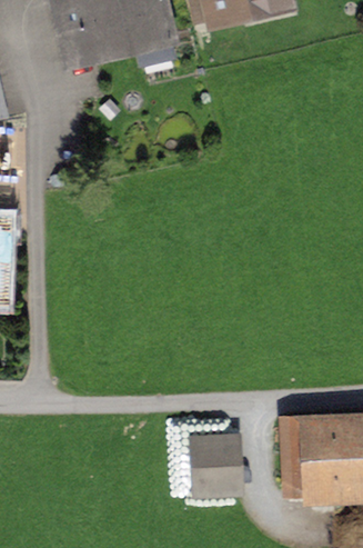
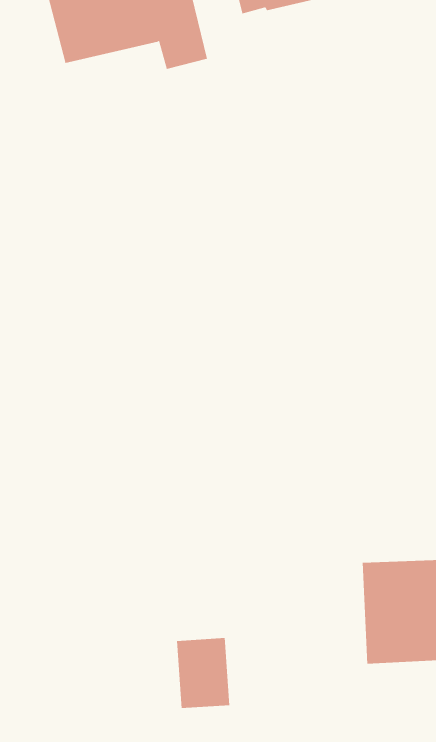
building: [198,440,236,491] -> [176,638,230,708]

